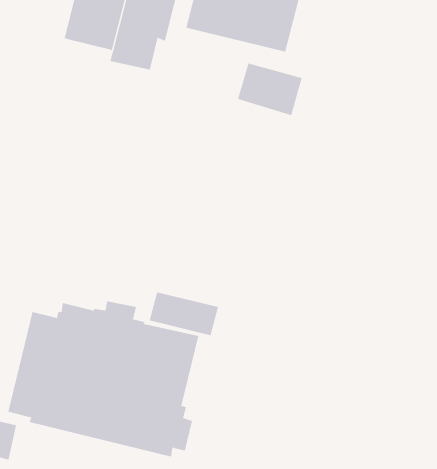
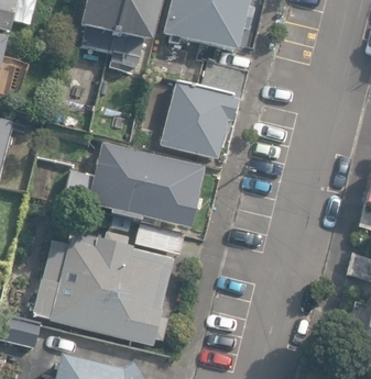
building: none -> [160,81,238,159]
building: none -> [66,141,206,226]

